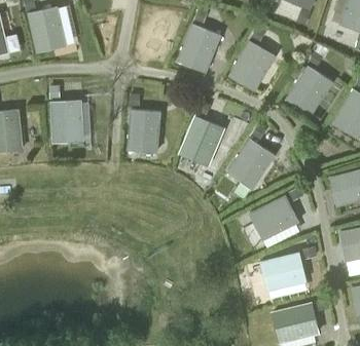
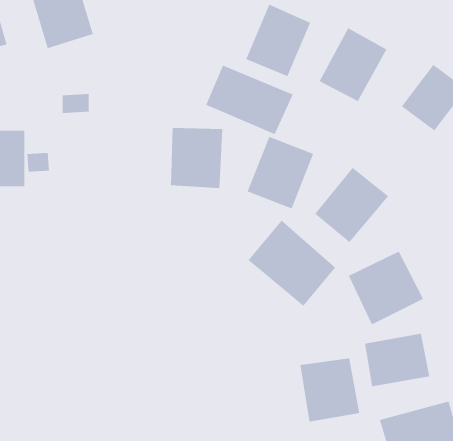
building: none -> [205,64,294,135]
building: [49,101,84,144] -> none
building: none -> [248,219,336,307]
building: none -> [300,357,360,422]

